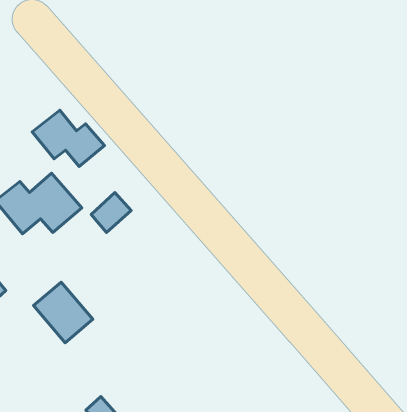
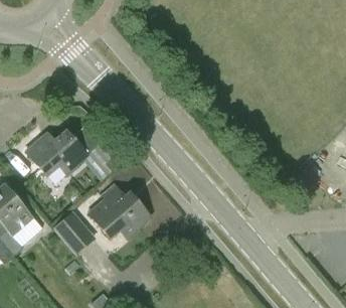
building: [32,110,104,167] -> none
building: none -> [89,182,150,238]

